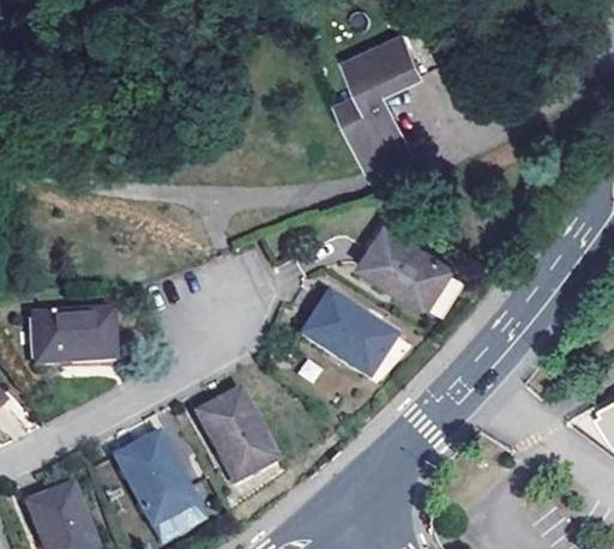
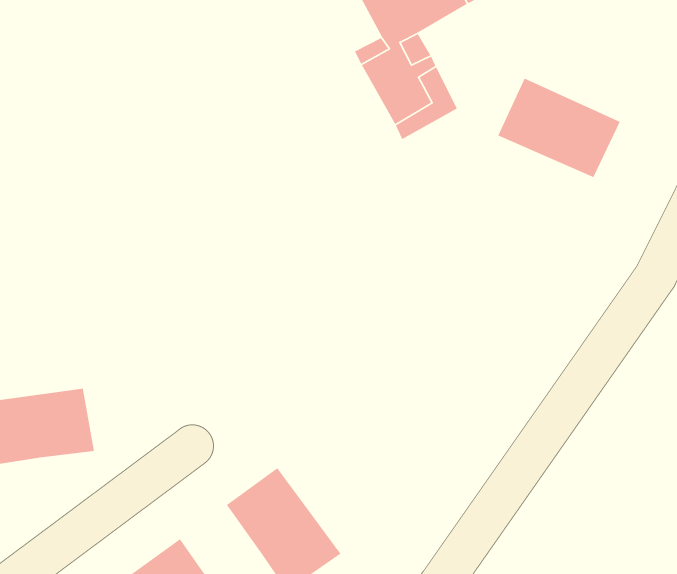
building: [356,219,449,301] -> [497,78,621,178]
building: [301,291,395,374] -> none

